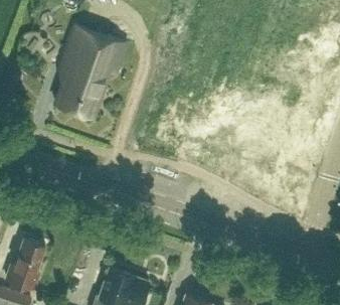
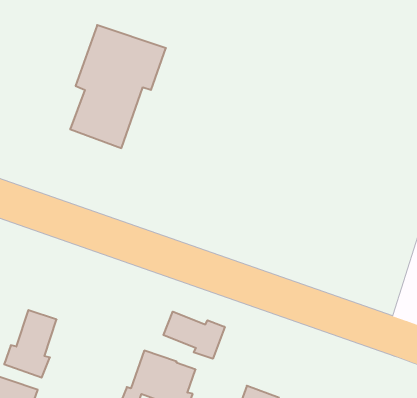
building: none -> [163,312,225,359]

